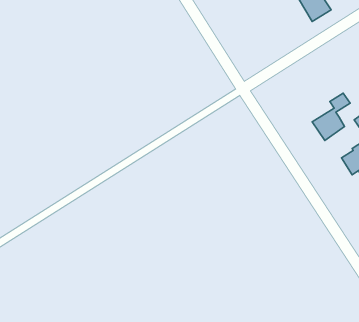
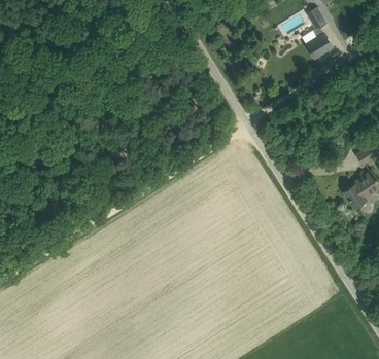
building: [312,93,350,140] -> none

